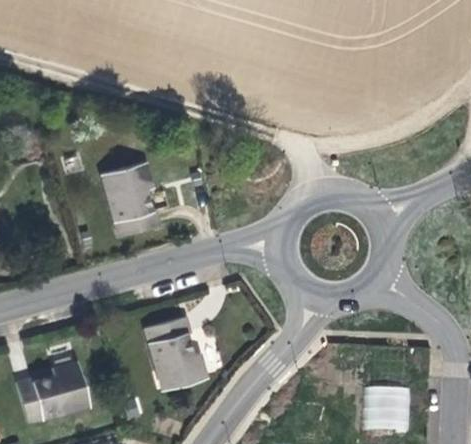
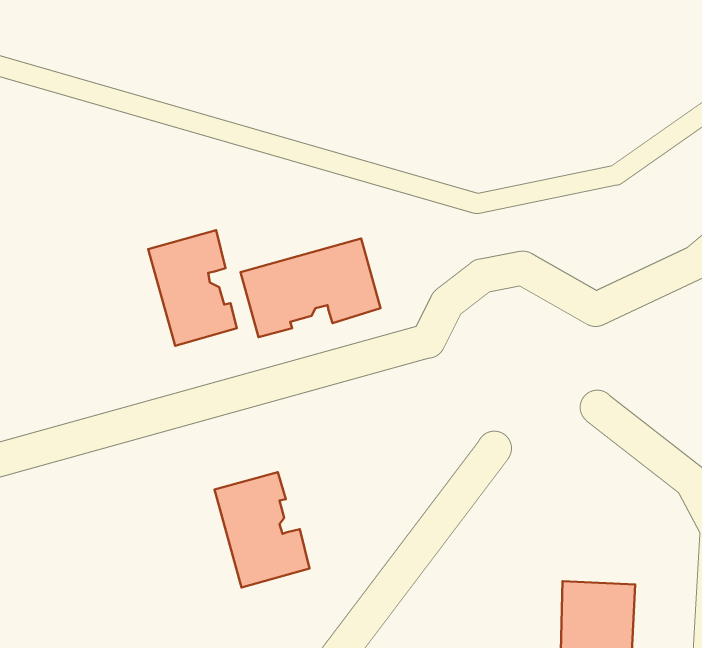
building: none -> [241,239,380,337]
building: [17,363,87,422] -> none

